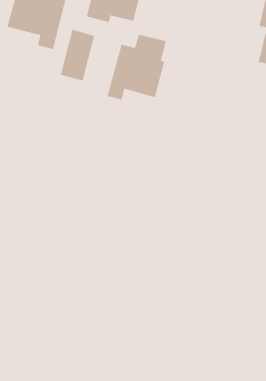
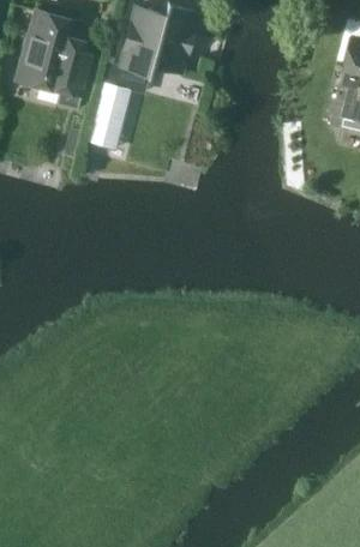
building: [106,34,167,100] -> none

